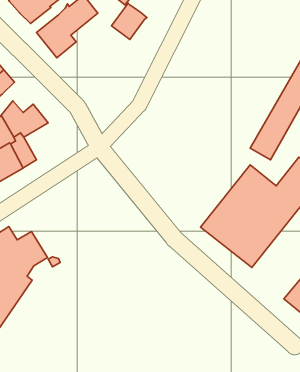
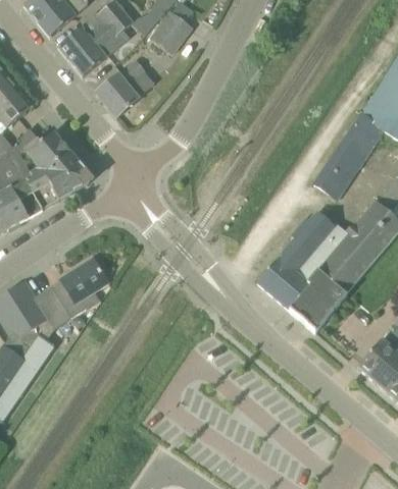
building: none -> [96,58,145,116]
building: none -> [43,154,90,199]
building: none -> [52,257,108,317]

